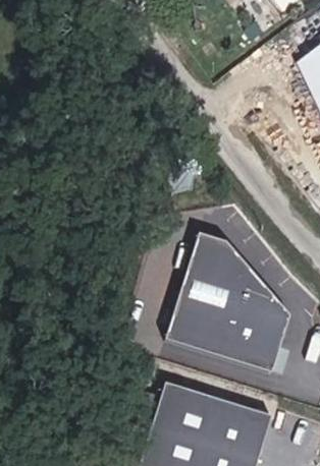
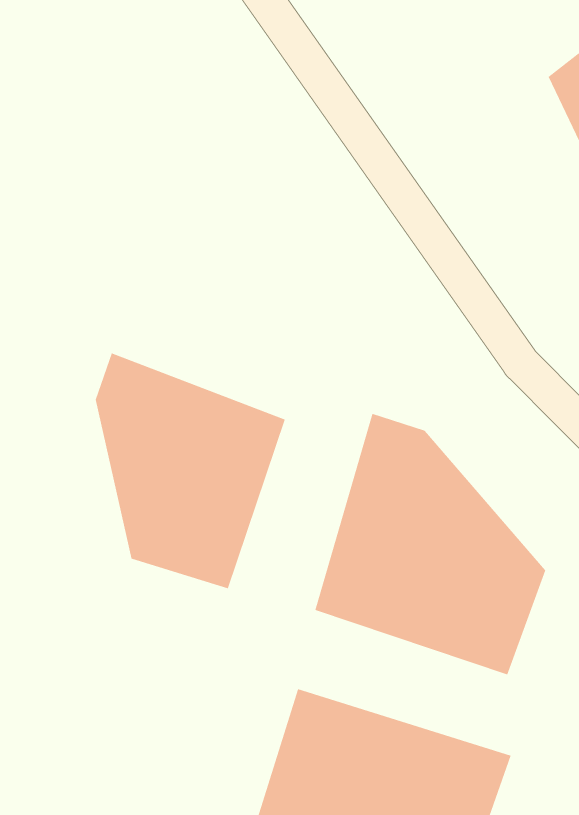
building: none -> [95,353,285,589]

